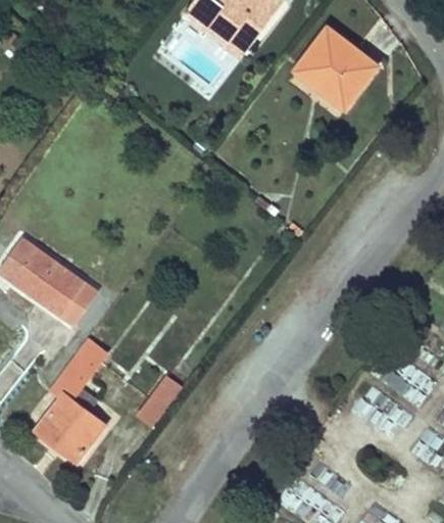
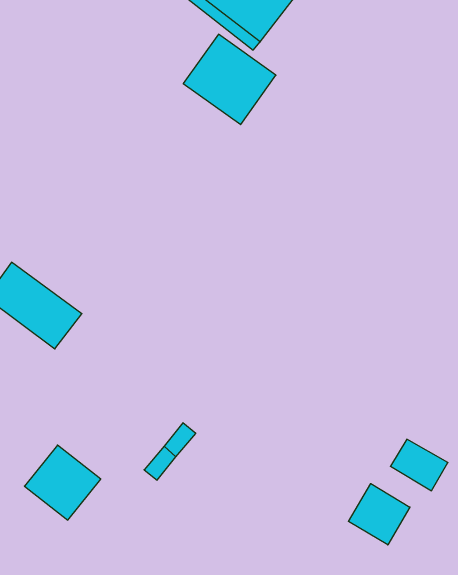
building: [292,26,373,104] -> [183,34,276,125]
building: [64,348,105,392] -> none
building: none -> [348,484,410,545]

